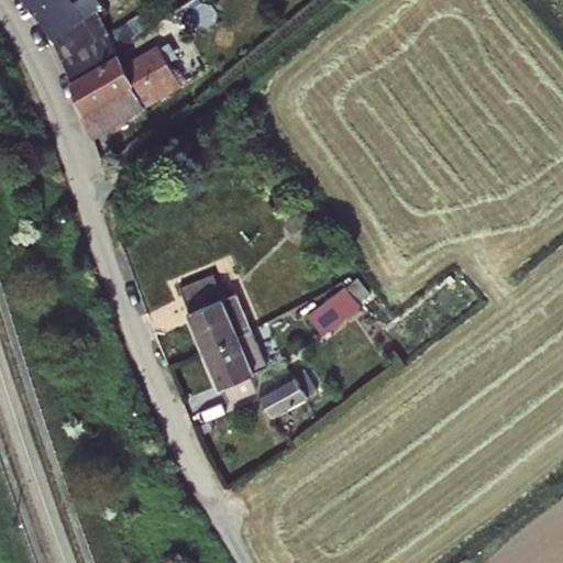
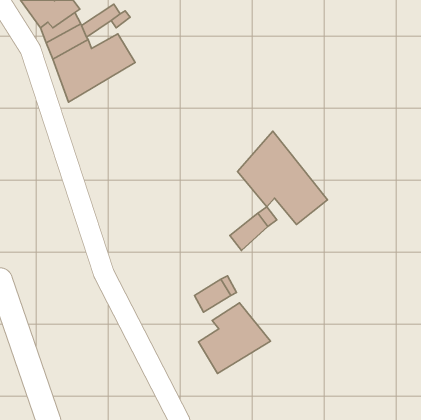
building: none -> [237,131,328,225]
building: [180,277,266,402] -> none
building: none -> [198,303,271,373]

